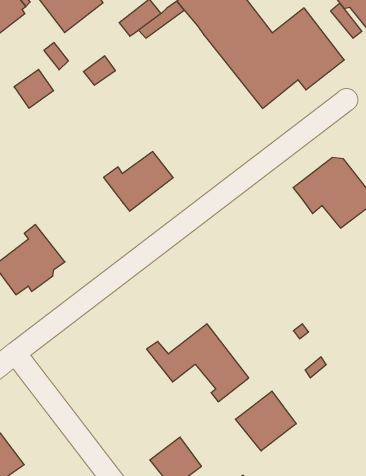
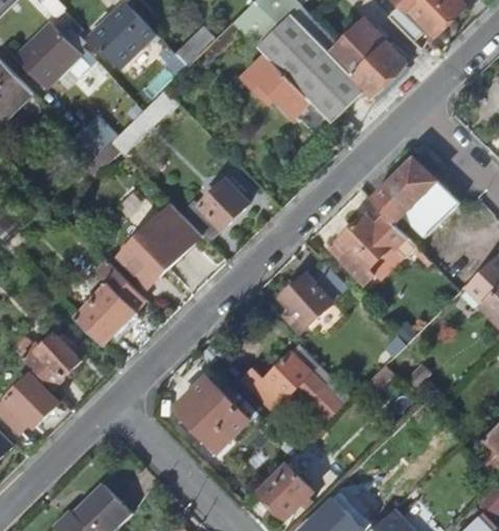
building: none -> [242,55,335,142]
building: none -> [117,204,200,285]
building: none -> [335,209,419,285]
building: none -> [280,258,346,332]
building: none -> [174,378,247,451]
building: [235,391,296,451] -> none

